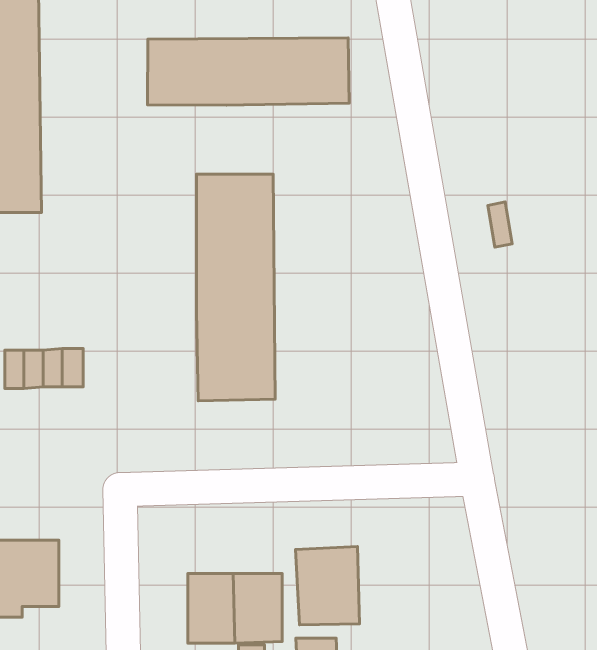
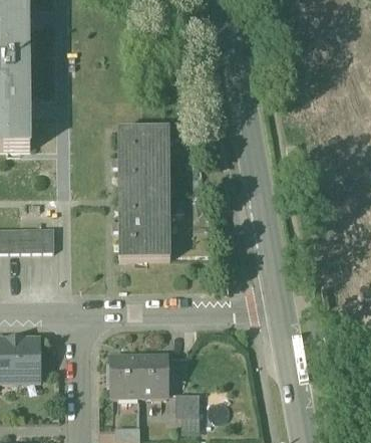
building: [147,38,349,105] -> none
building: [295,546,359,625] -> none

